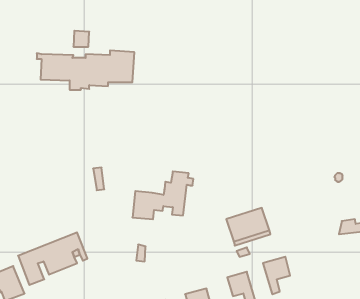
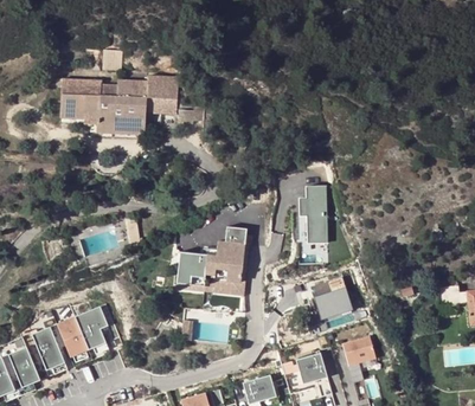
building: none -> [59,111,146,136]
building: none -> [297,191,325,245]
building: none -> [175,244,250,297]

